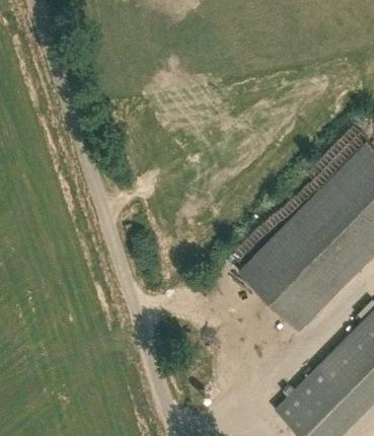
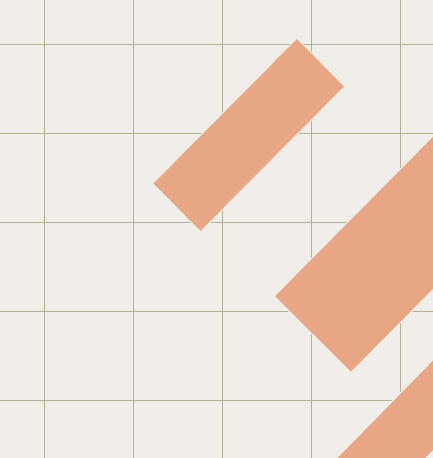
building: none -> [153,38,345,232]

